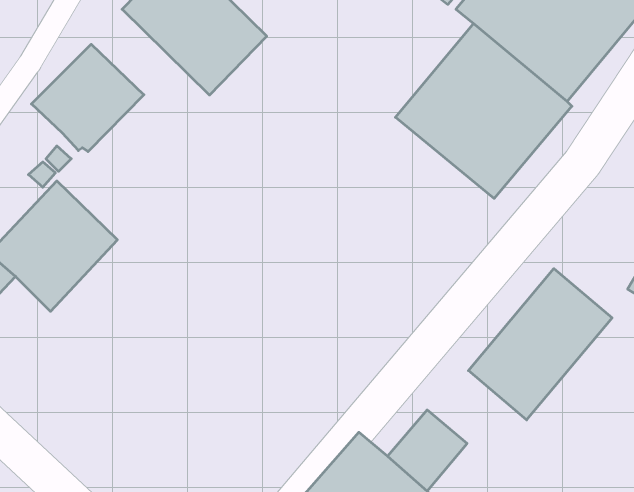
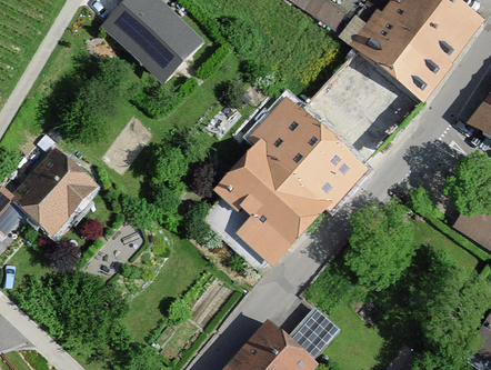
building: [31,44,144,152] -> none
building: none -> [211,101,361,254]
building: [468,269,612,420] -> none

